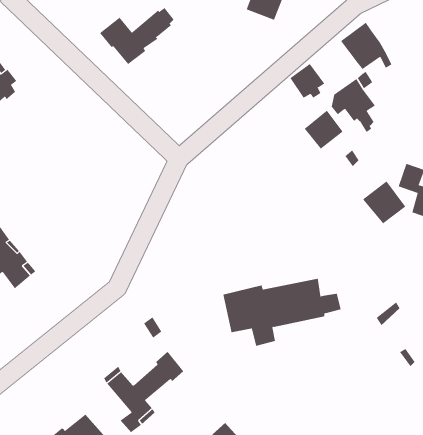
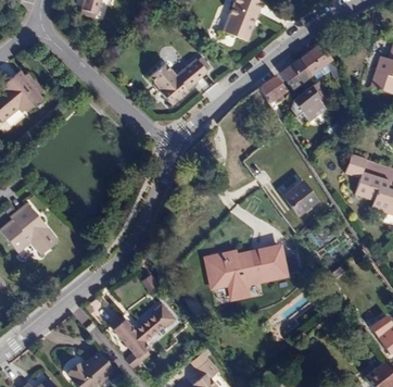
building: [99,7,175,65] -> [150,57,210,102]
building: [304,110,344,149] -> [280,57,312,88]
building: [362,180,406,224] -> [282,179,317,214]

